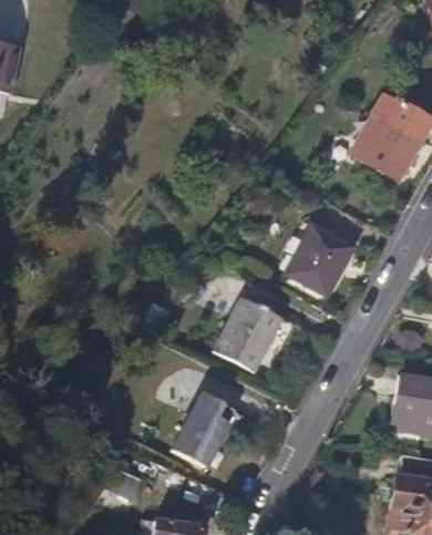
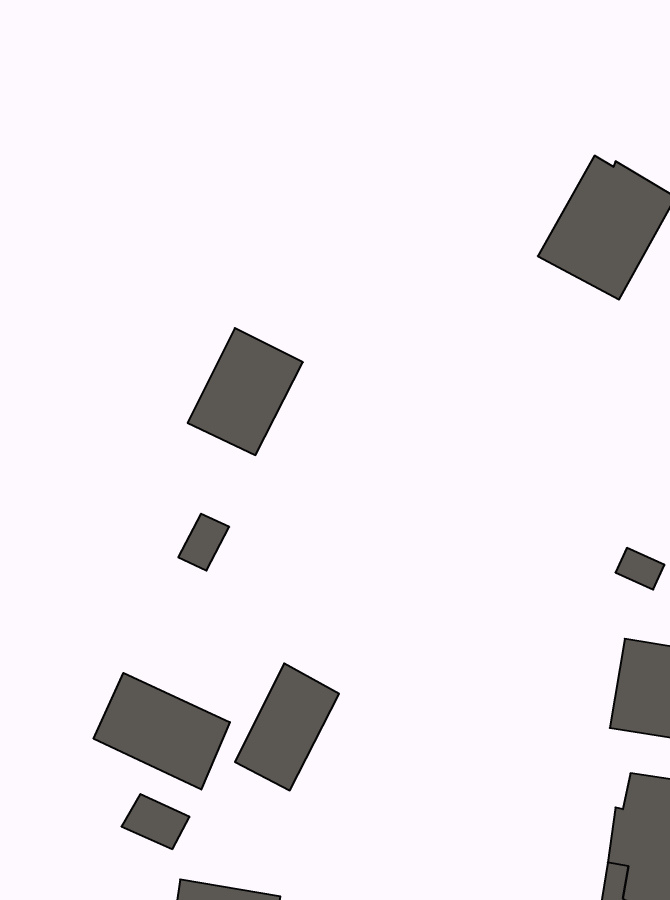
building: [288,223,358,294] -> none
building: [214,296,281,370] -> [188,328,303,455]
building: none -> [94,673,230,790]

